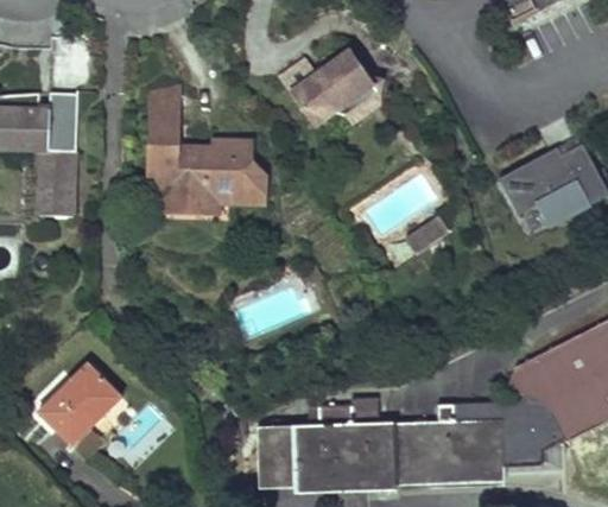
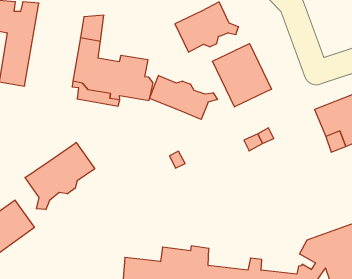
building: none -> [213,44,271,107]
building: none -> [150,75,217,119]
building: none -> [25,142,95,210]

